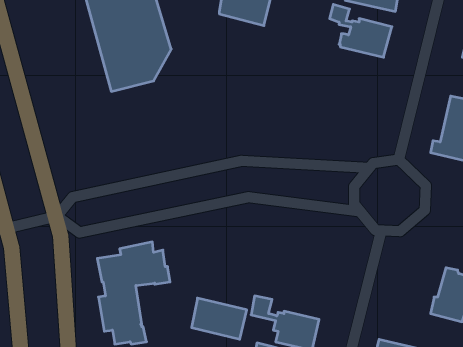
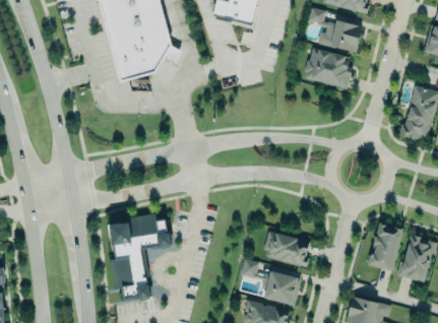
building: none -> [305,48,354,89]
building: none -> [367,223,401,271]
building: [192,298,247,339] -> [263,232,311,267]

